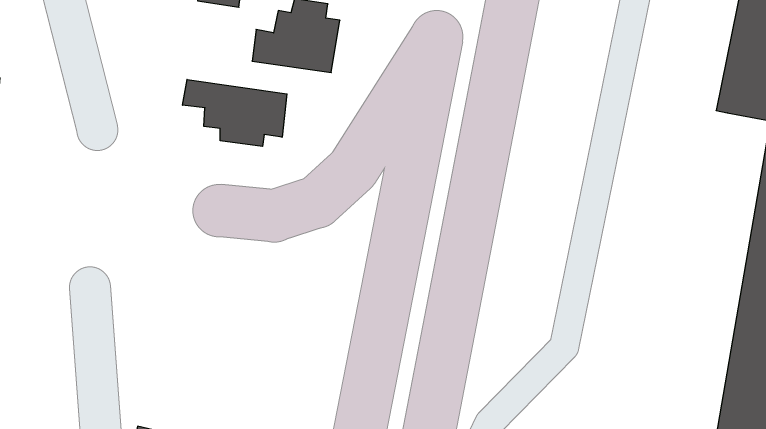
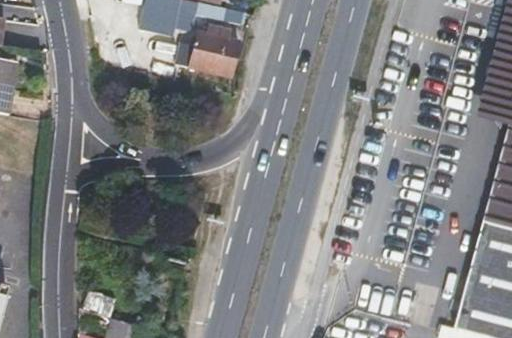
building: [183,79,287,146] -> none

